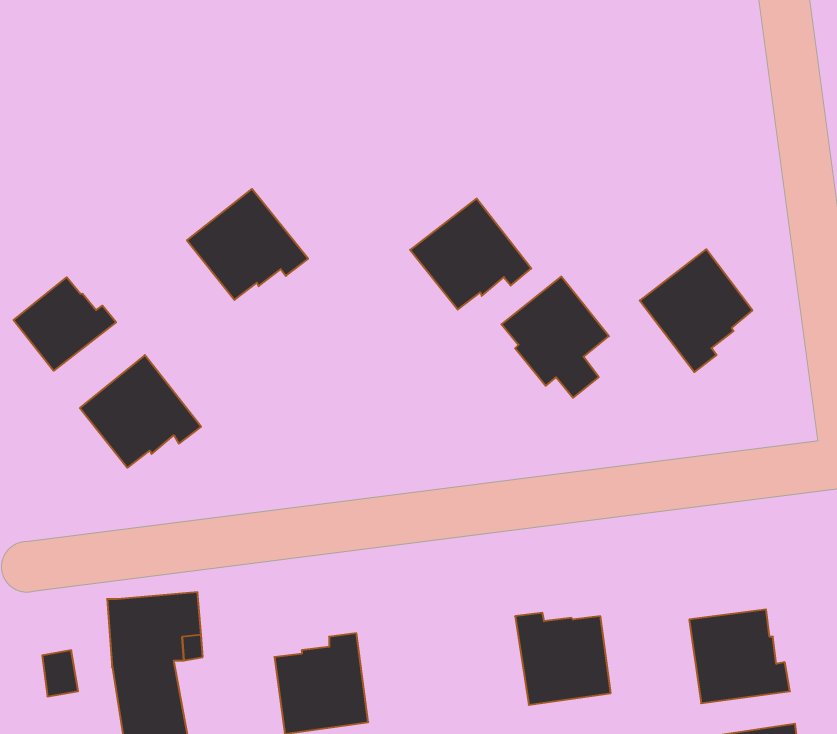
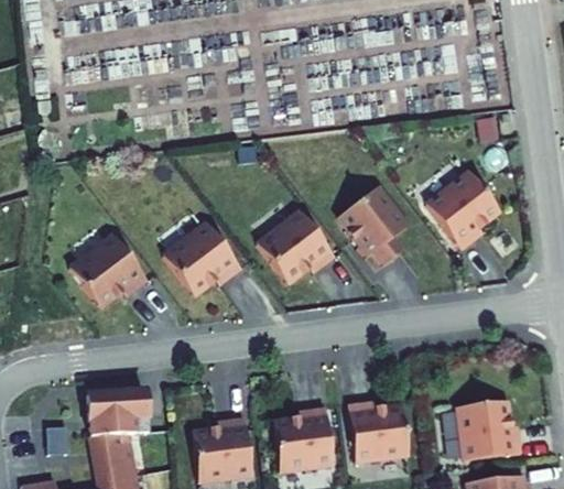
building: [187,189,308,300] -> [163,224,241,295]
building: [410,199,531,310] -> [258,210,336,282]
building: [14,277,116,371] -> none
building: none -> [273,404,334,470]

